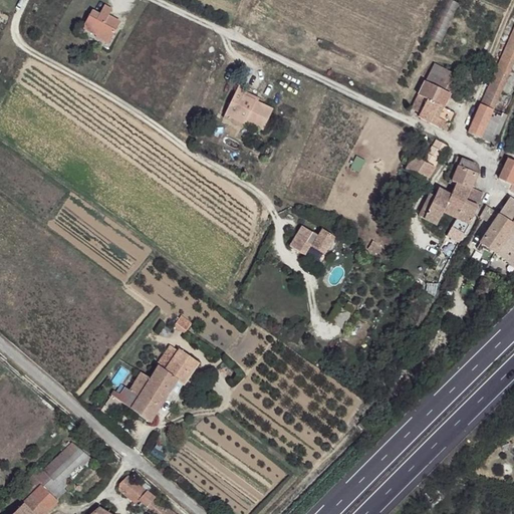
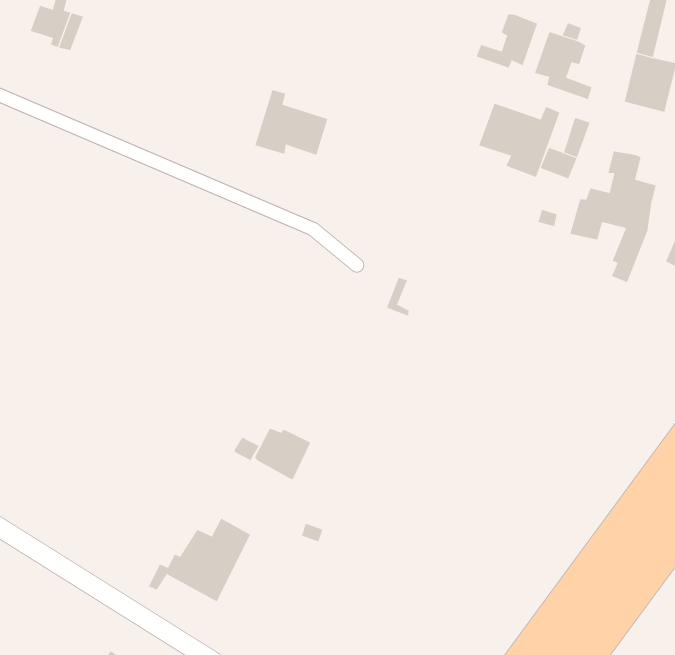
building: none -> [476,14,538,69]
building: none -> [478,103,560,178]
building: [299,228,332,250] -> none
building: [160,345,199,382] -> [254,428,311,480]

